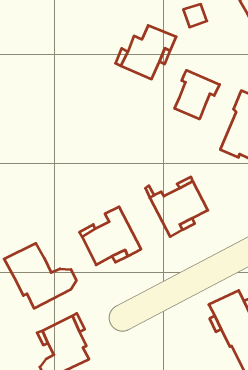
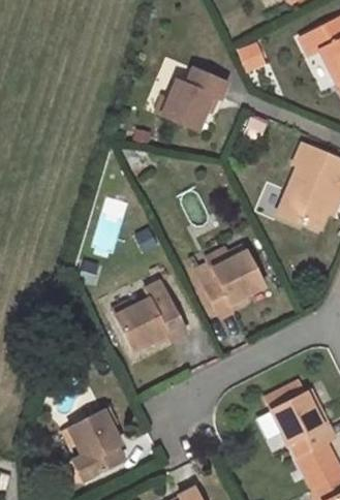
building: [175,70,220,119] -> none
building: [4,243,76,308] -> none

